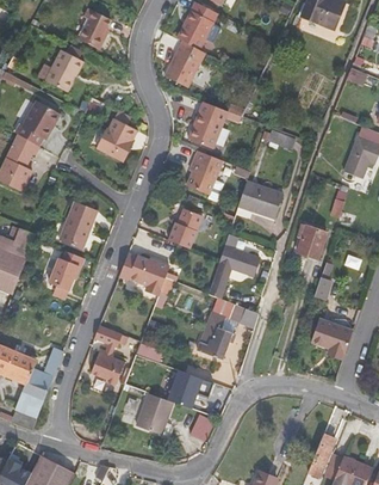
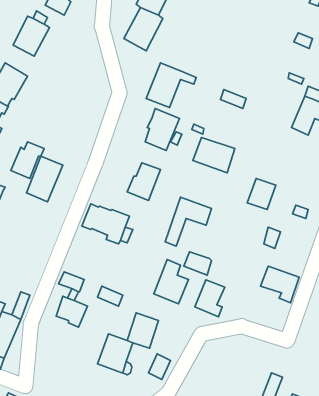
building: [95,118,137,161] -> none
building: [48,251,83,290] -> [11,142,44,178]
building: none -> [195,280,225,317]

